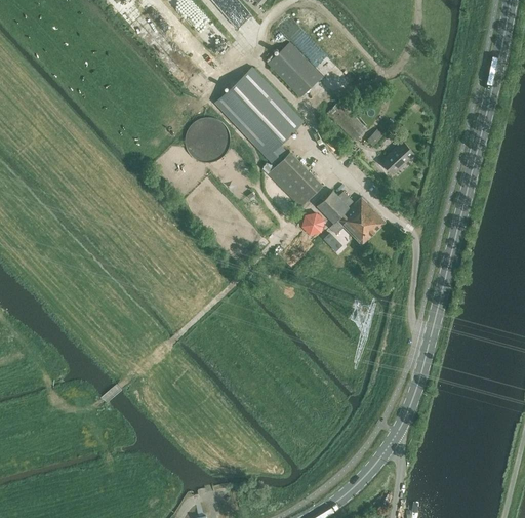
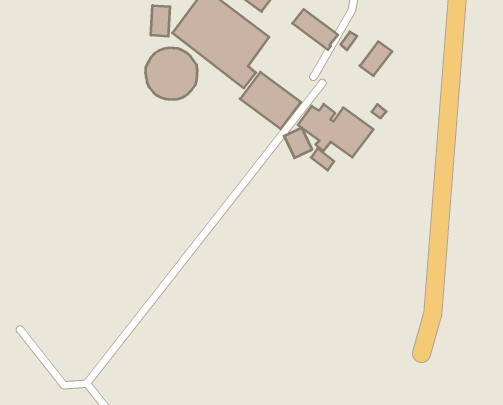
building: none -> [151,5,170,36]

